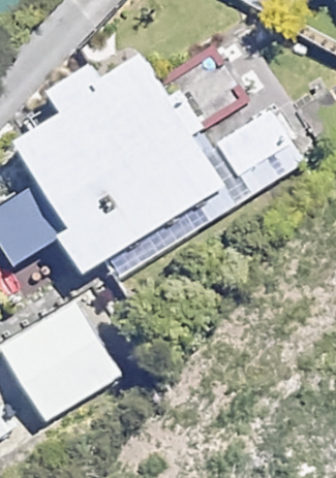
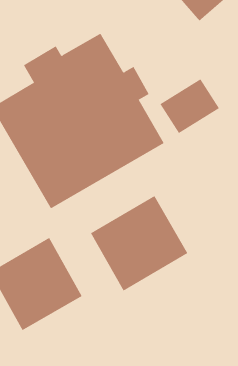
building: none -> [90,195,188,291]

